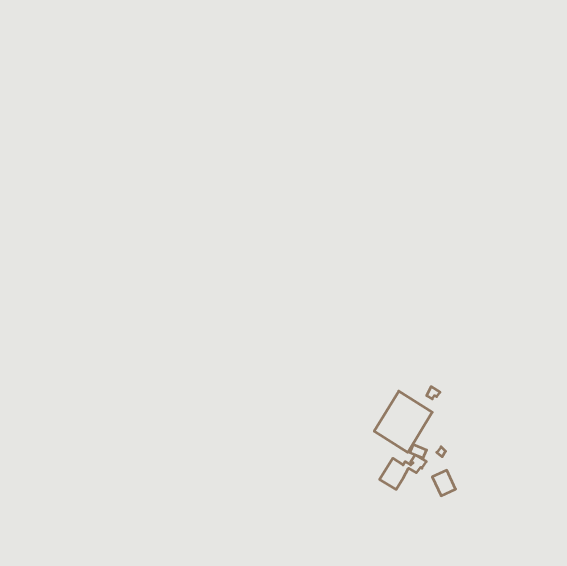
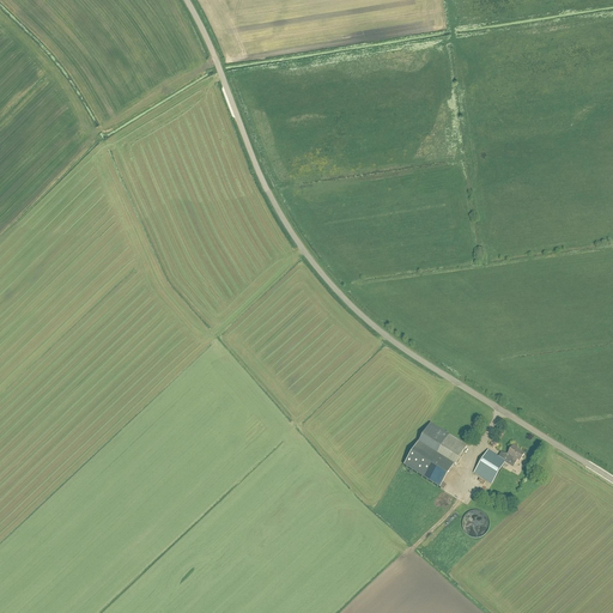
building: [380,455,426,489] -> [472,444,522,481]

